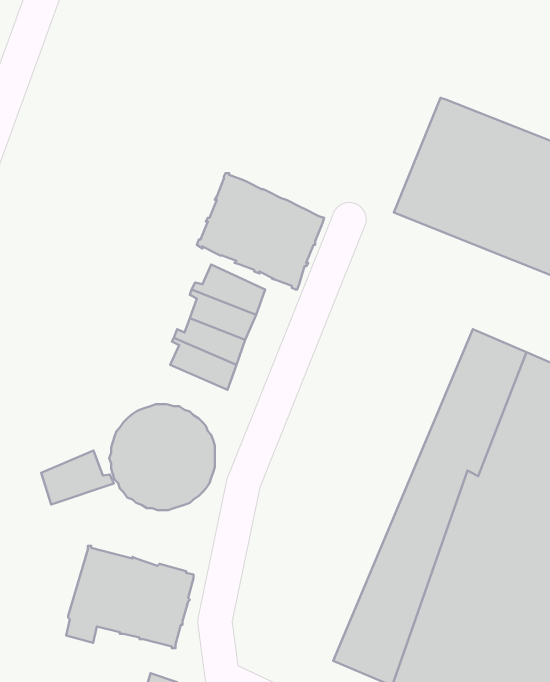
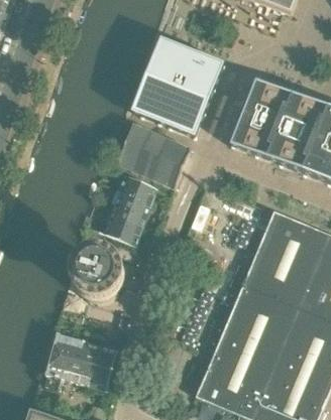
building: none -> [131,37,224,136]
building: [41,451,114,504] -> none

